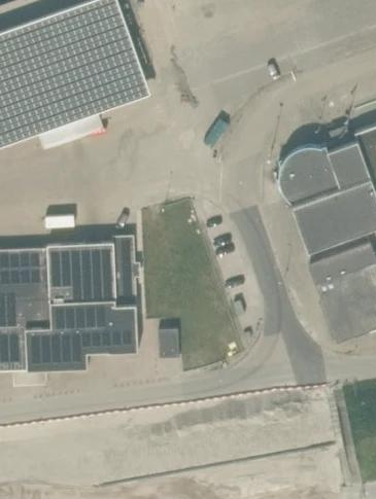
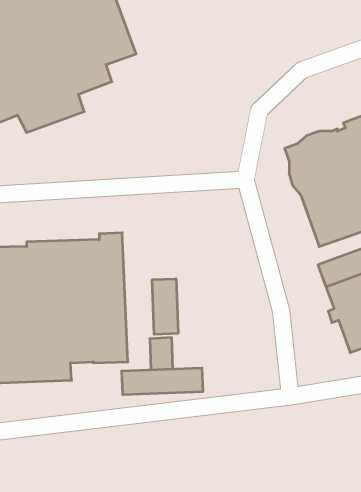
building: none -> [152,279,178,334]
building: none -> [122,368,203,395]

